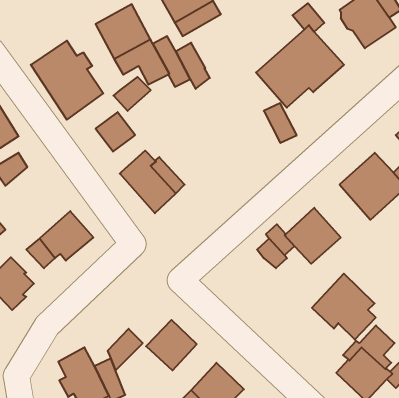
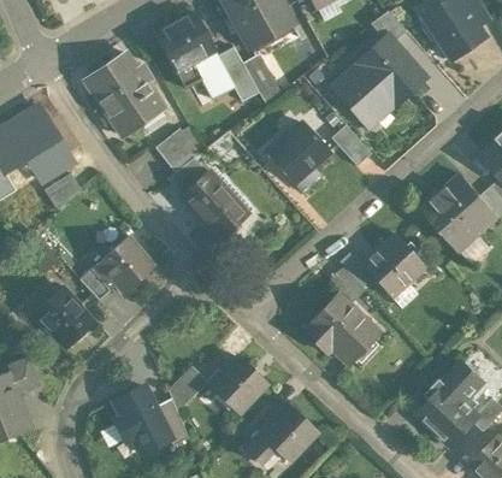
building: [113,77,151,111] -> [167,158,208,195]
building: none -> [268,123,327,181]
building: [312,274,376,340] -> [302,293,372,365]

